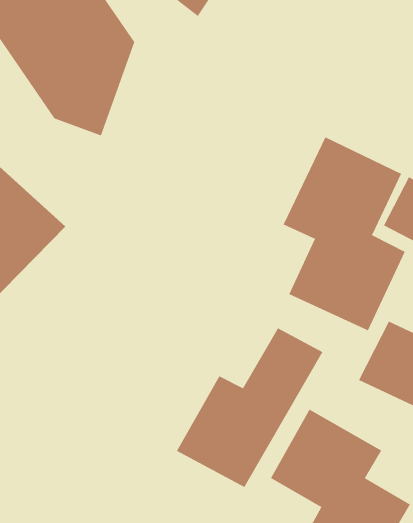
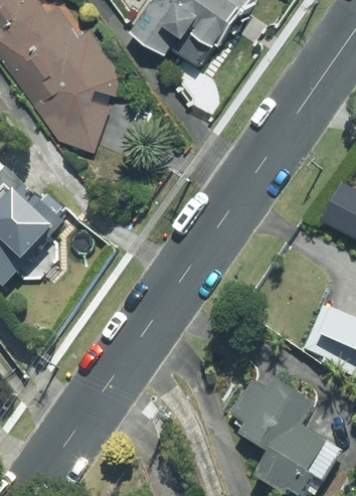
building: [283,137,406,331] -> none
building: [176,328,323,488] -> none

